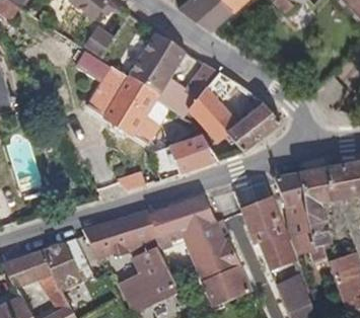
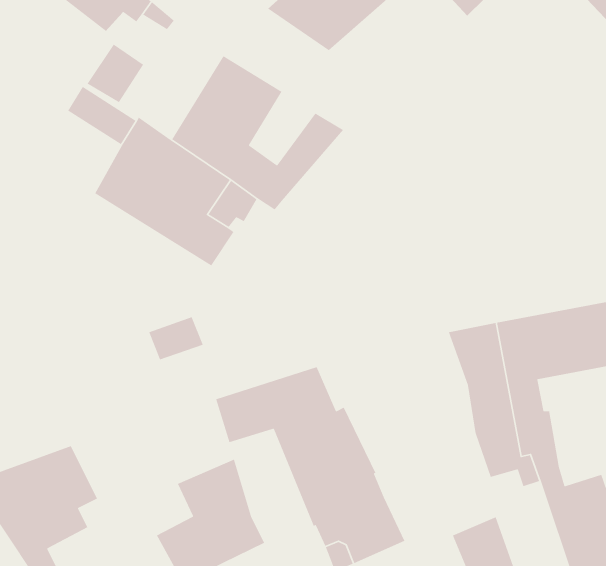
building: [187,72,281,153] -> none
building: [169,135,218,174] -> none
building: [241,181,294,270] -> none
building: [82,210,159,258] -> none

